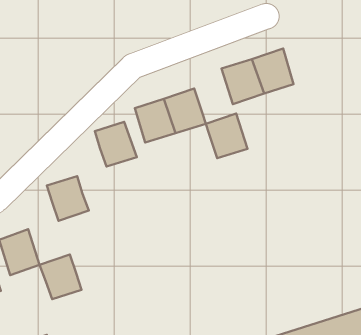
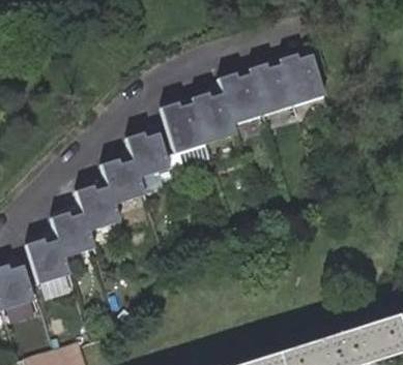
building: [206,113,248,158] -> [224,78,265,122]
building: none -> [105,157,146,202]
building: [40,254,81,299] -> [56,210,97,254]

